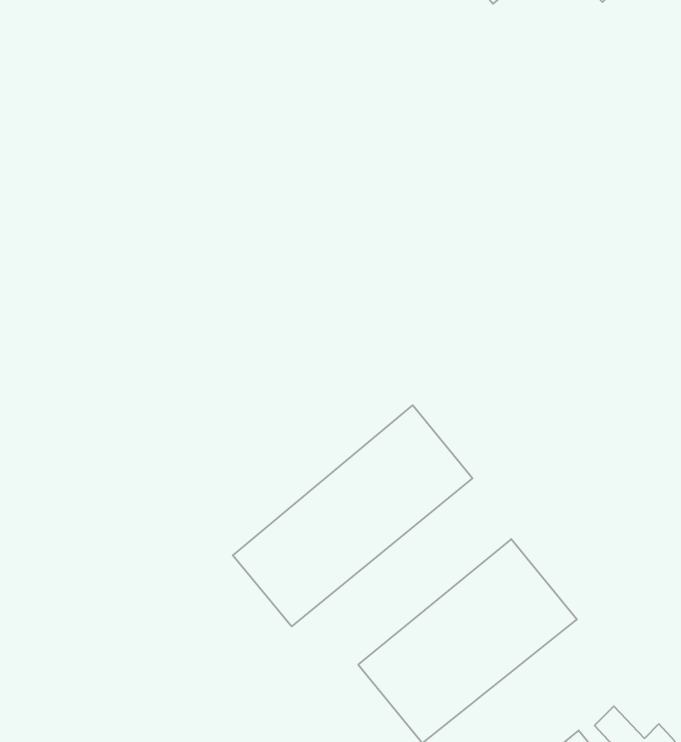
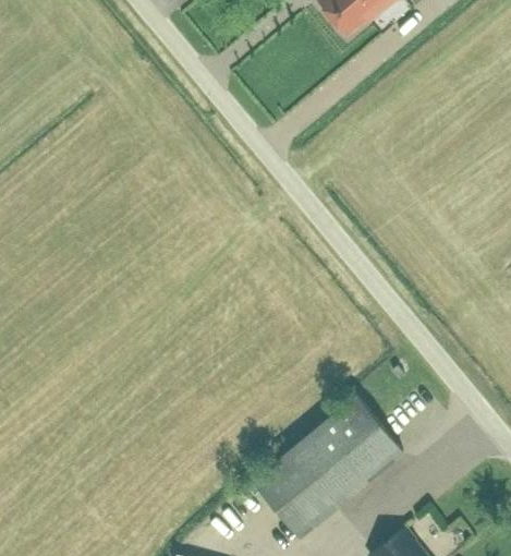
building: [233,405,472,626] -> none

